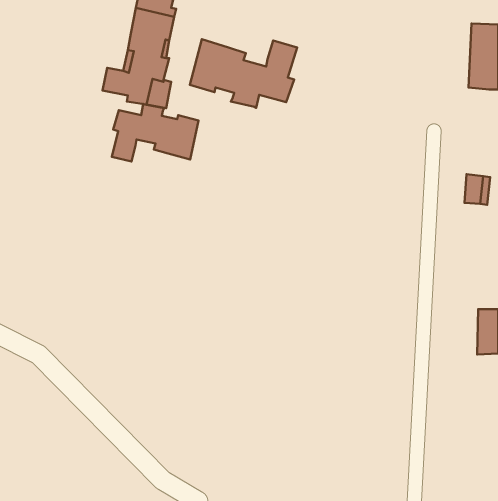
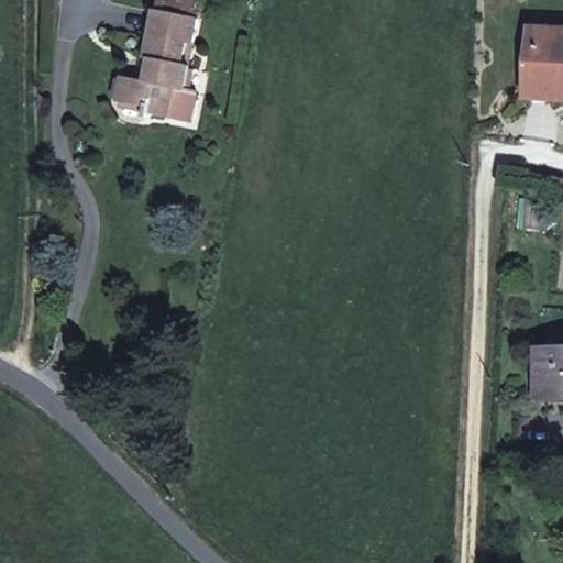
building: [190,39,297,108] -> none
building: [112,104,199,161] -> none

